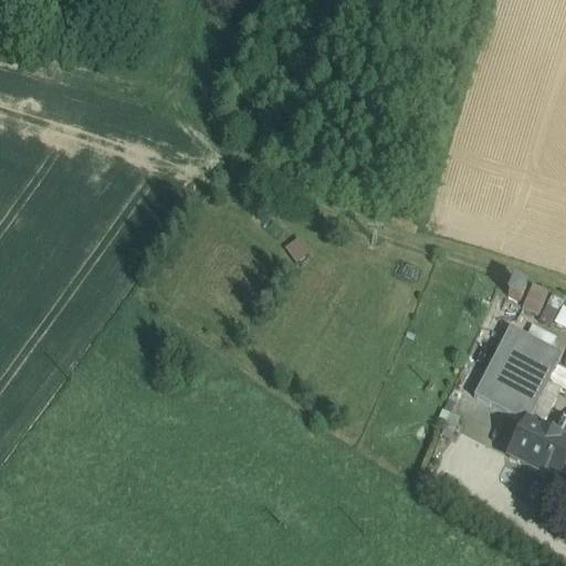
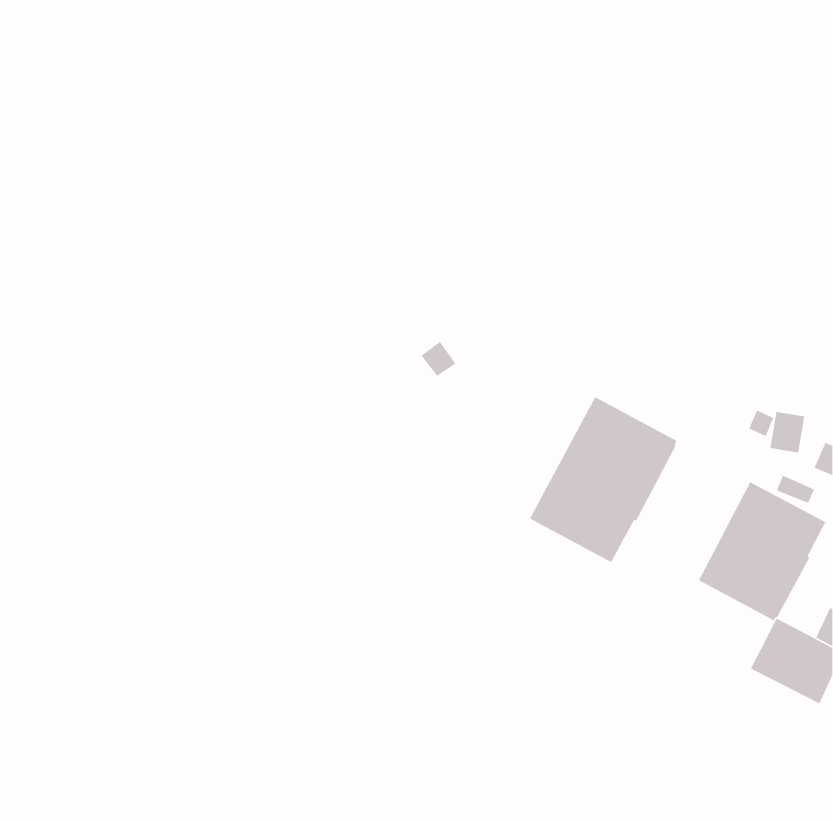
building: none -> [529,396,678,563]

